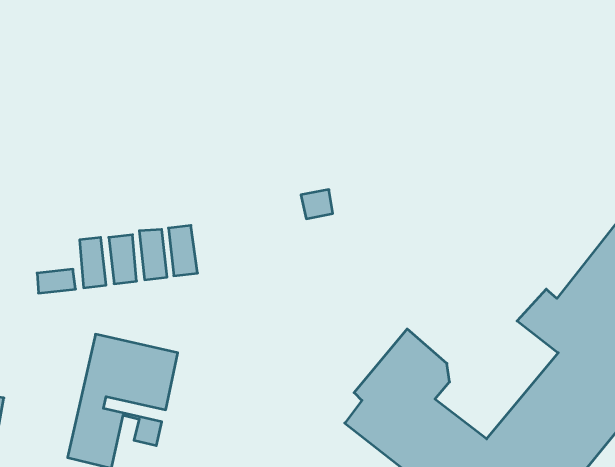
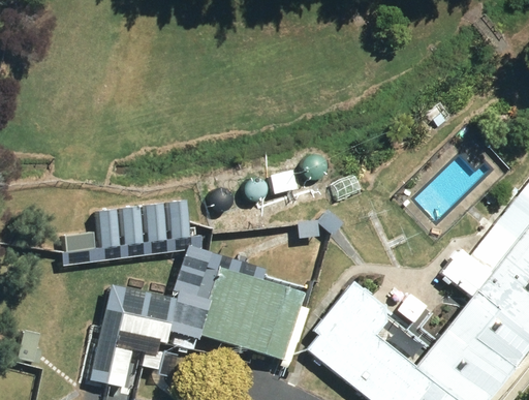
building: none -> [181,265,309,362]

